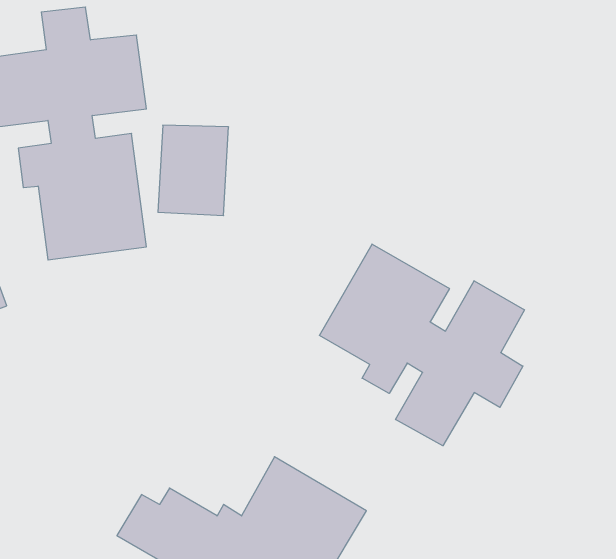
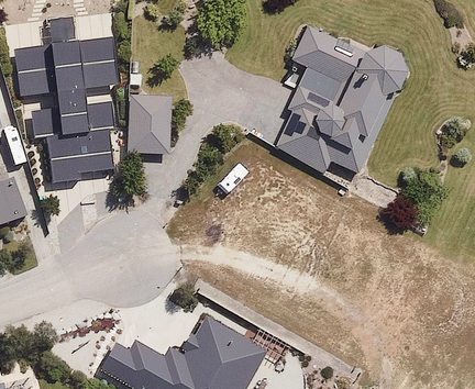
building: none -> [273,26,405,173]
building: [319,244,524,446] -> none

